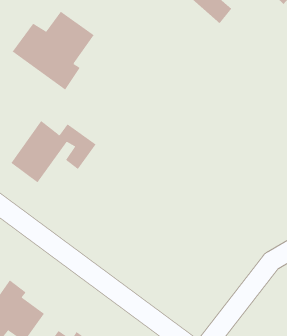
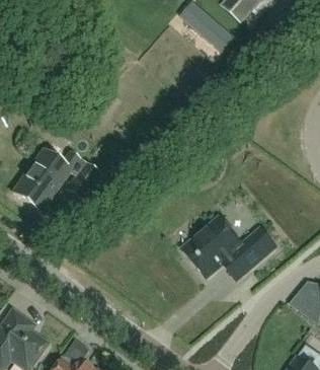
building: [12,11,94,90] -> none
building: none -> [182,217,275,279]

